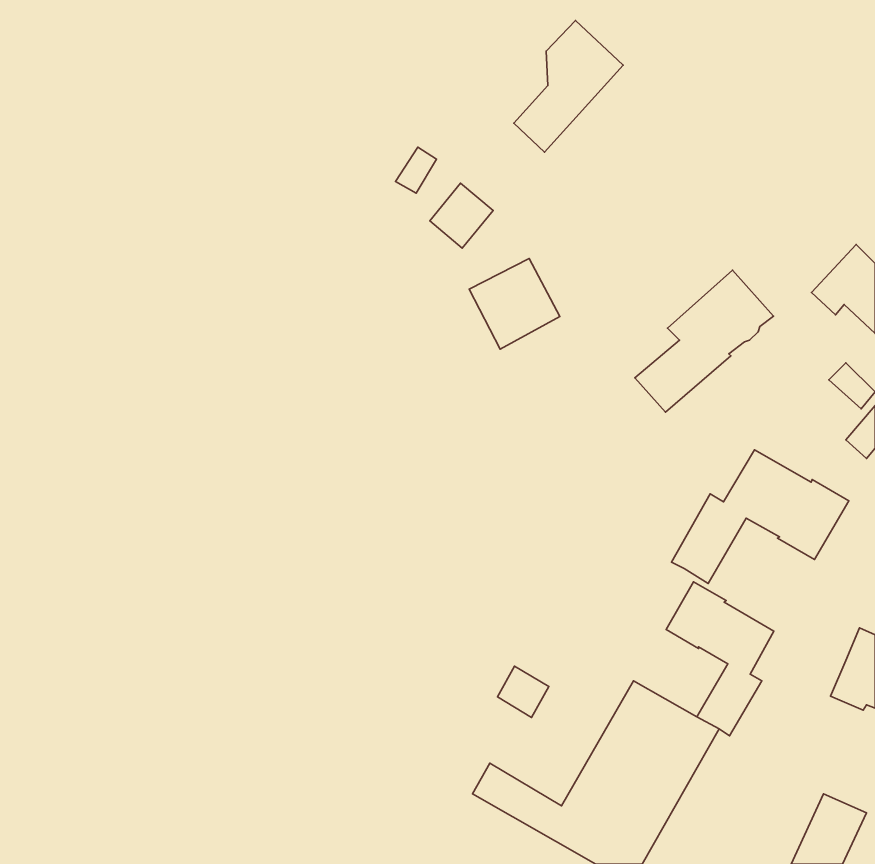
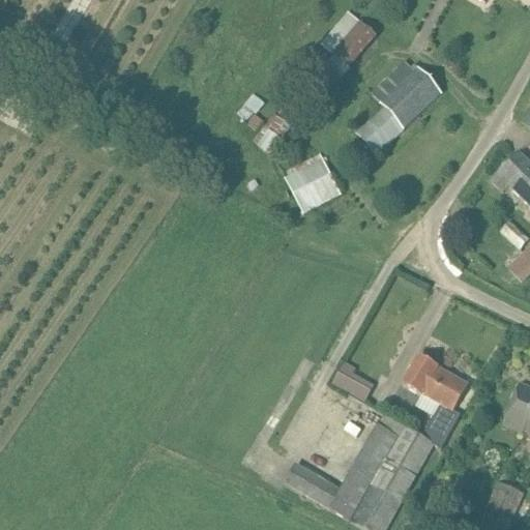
building: [635,270,774,412] -> [359,63,443,149]
building: [671,450,849,584] -> none
building: [497,666,549,717] -> [343,370,374,401]

